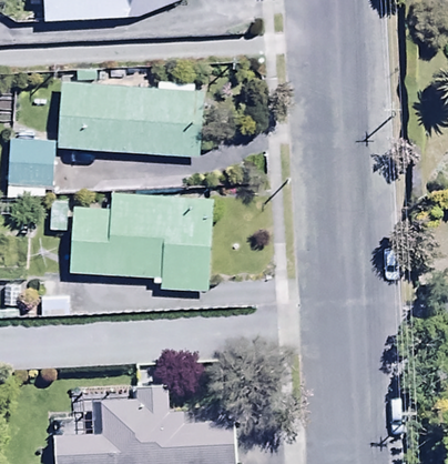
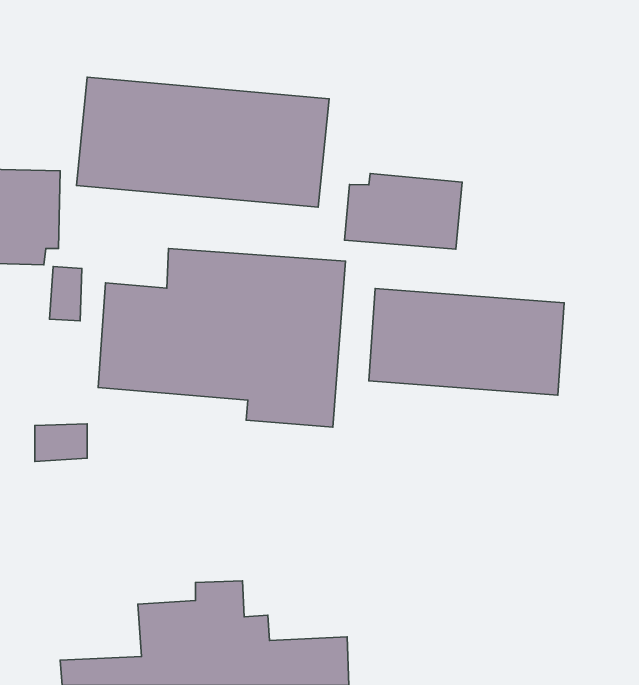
building: none -> [344,173,462,249]
building: none -> [369,288,564,395]

